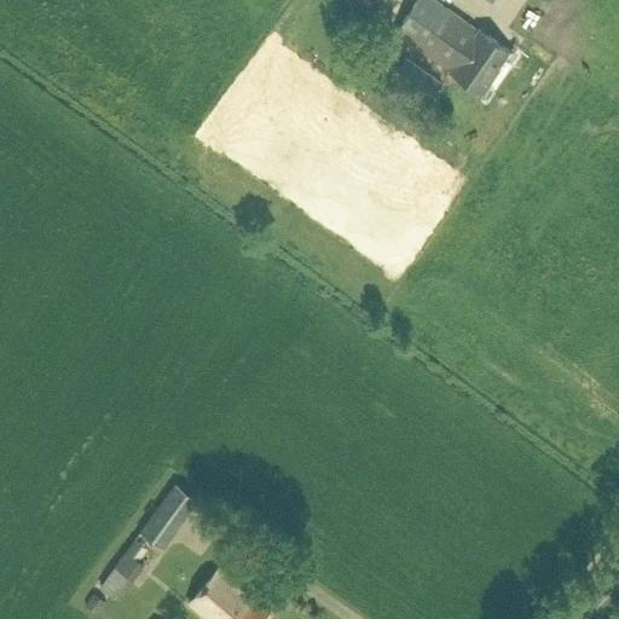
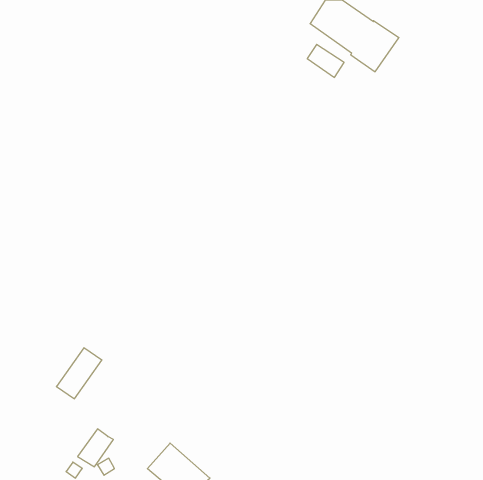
building: [139,485,197,550] -> [56,348,102,399]

